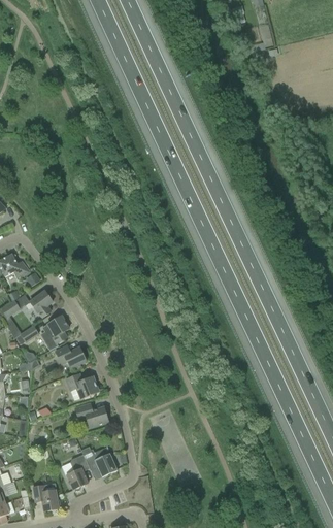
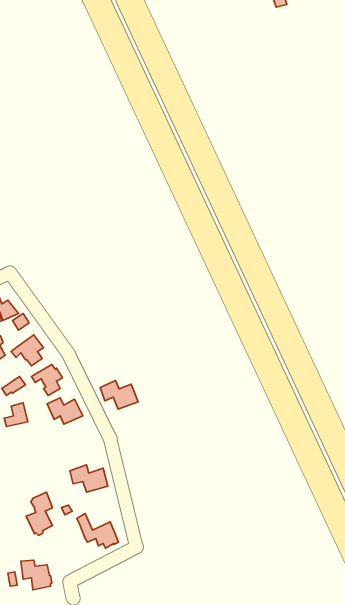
building: [66,372,99,397] -> [100,381,138,409]
building: [66,453,89,490] -> [26,492,52,535]

